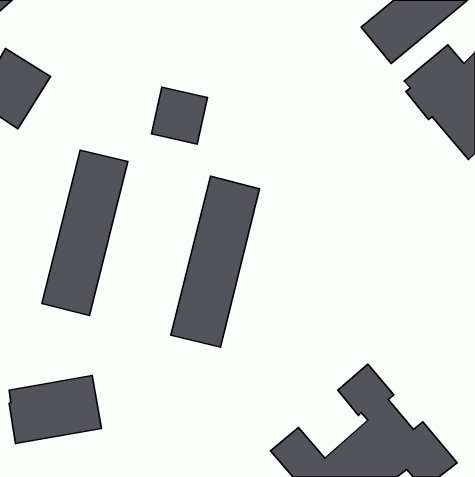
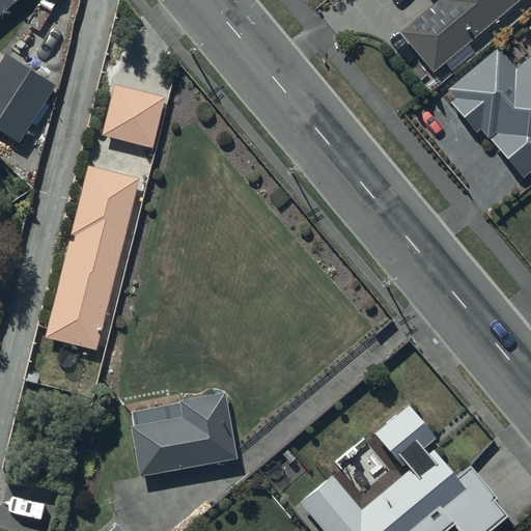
building: [151,87,207,144] -> [104,85,166,148]
building: [171,176,260,347] -> none
building: [9,375,102,444] -> [133,397,235,473]

